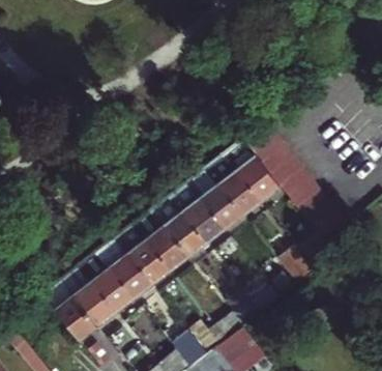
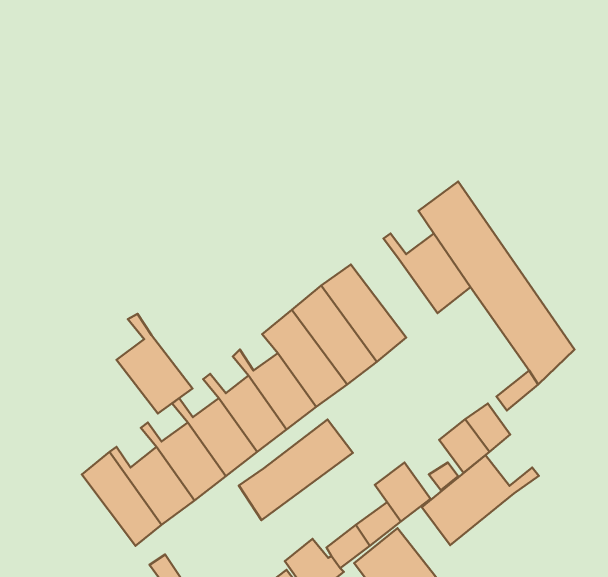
building: [213,165,265,212] -> none
building: none -> [117,314,193,413]
building: none -> [239,419,353,520]
building: none -> [422,455,539,545]

